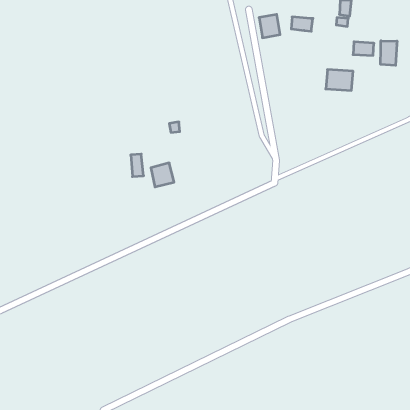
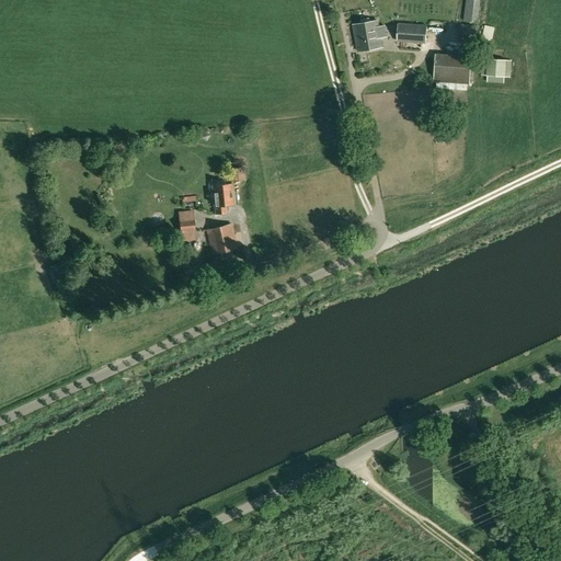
building: [381,41,397,65] -> none
building: [326,70,353,90] -> [434,55,471,83]
building: none -> [211,184,233,214]

